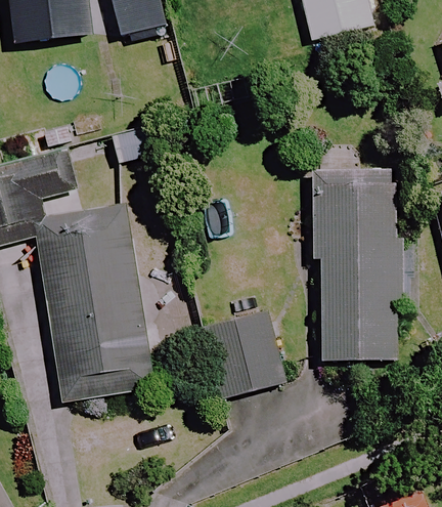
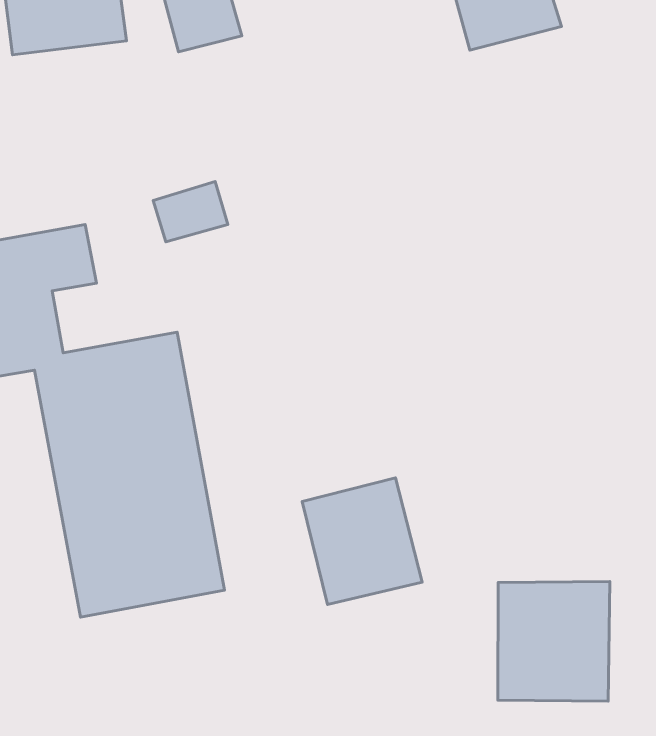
building: [316,175,400,357] -> none
building: none -> [498,582,610,701]

